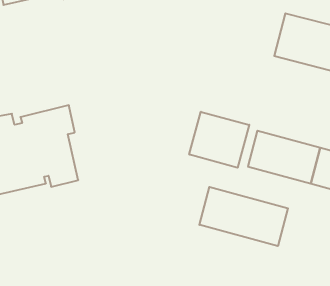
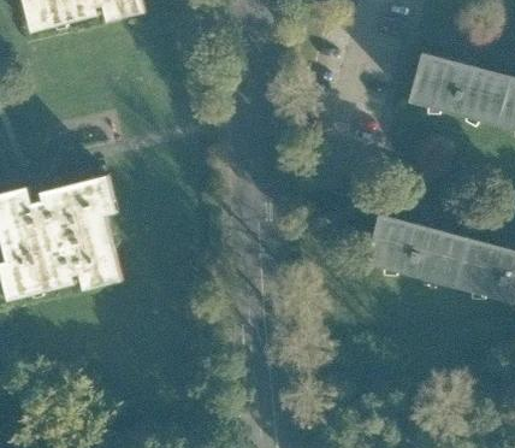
building: [189,112,249,168] -> none
building: [199,187,288,246] -> none

